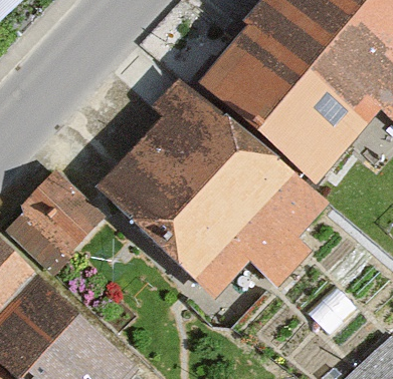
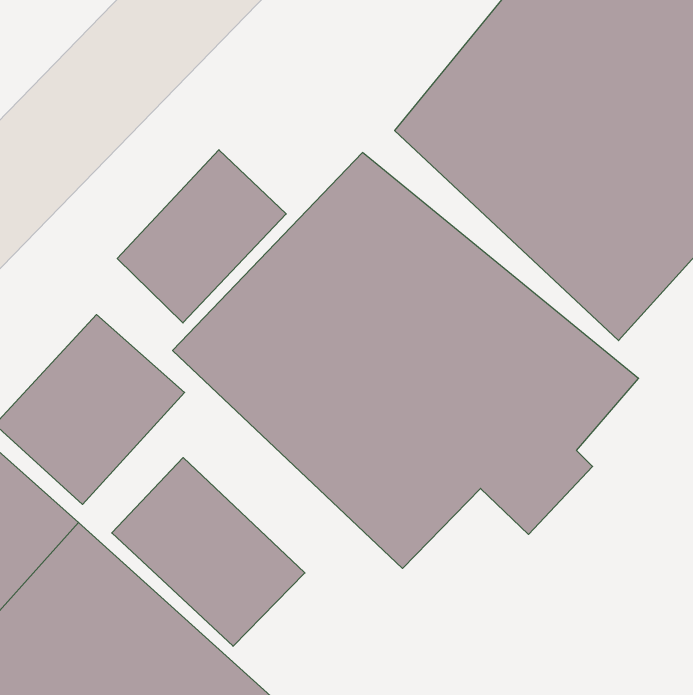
building: none -> [117,150,286,323]
building: none -> [112,458,305,646]

